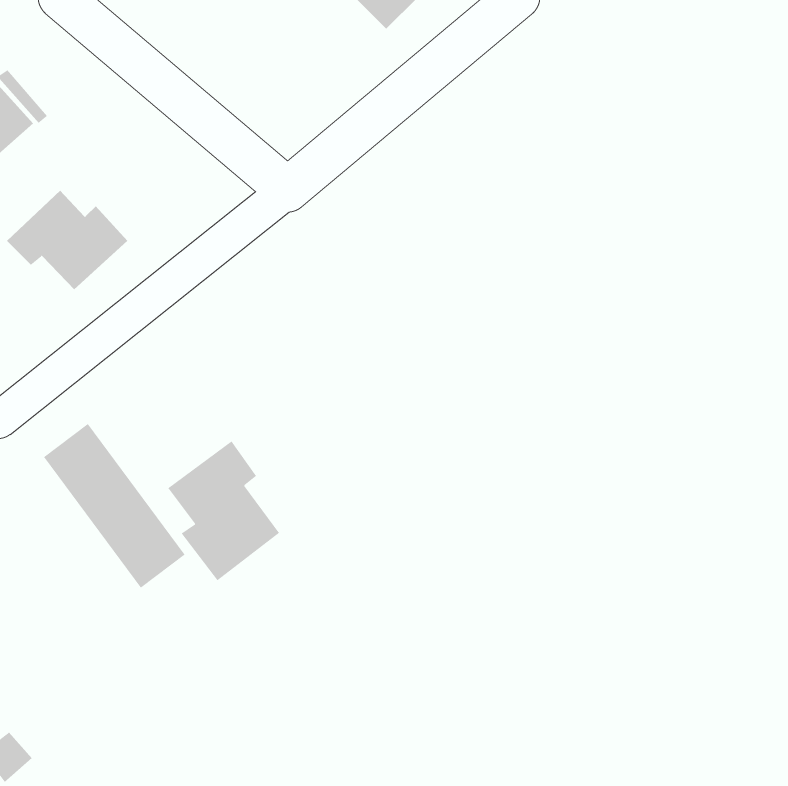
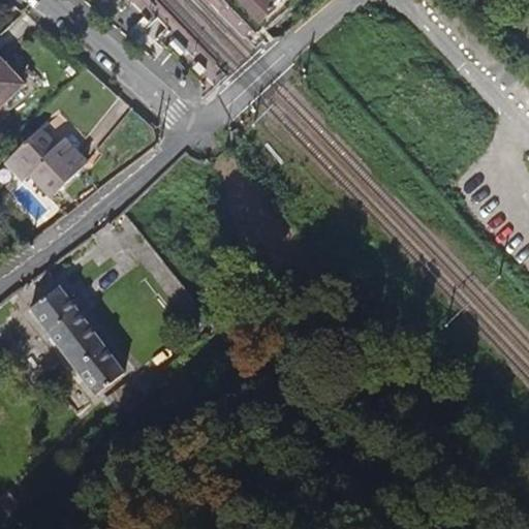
building: [168,440,280,581] -> none

